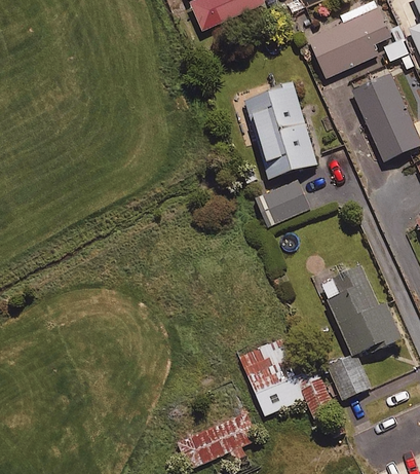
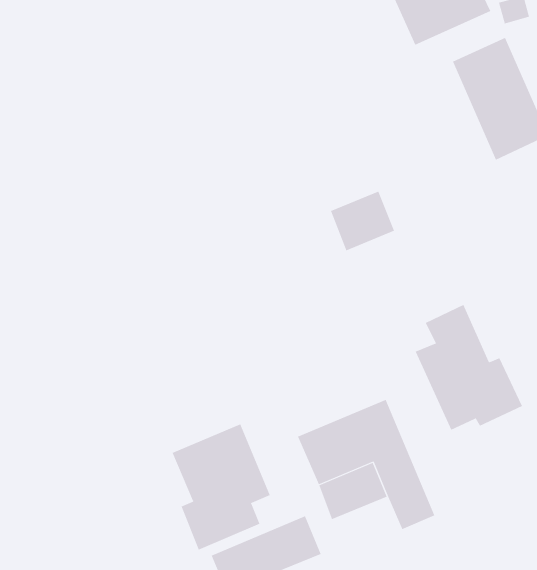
building: [244,80,317,178] -> none
building: none -> [172,424,271,550]
building: [330,357,372,401] -> none

